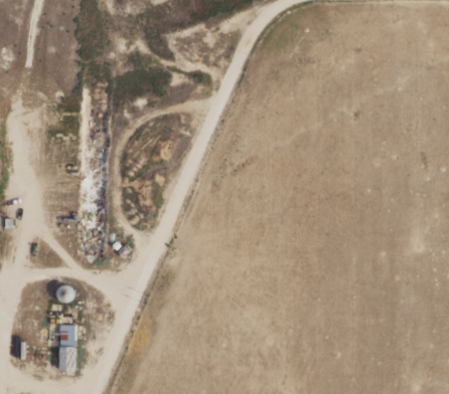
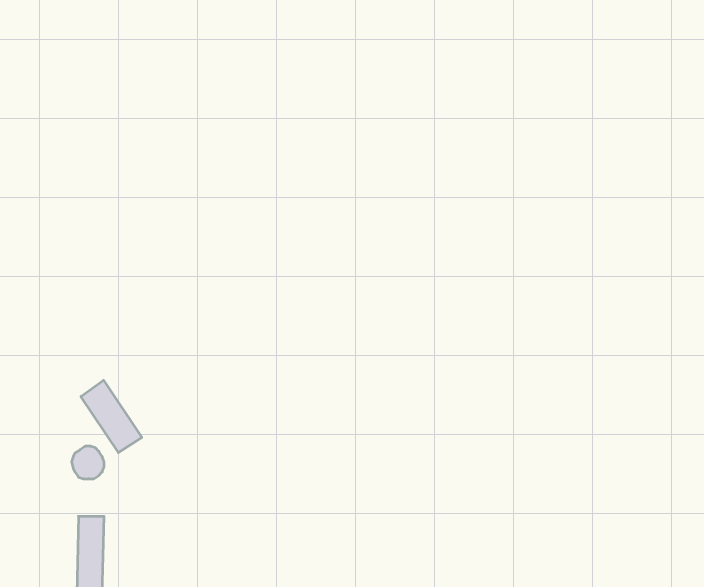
building: none -> [81,380,142,453]

